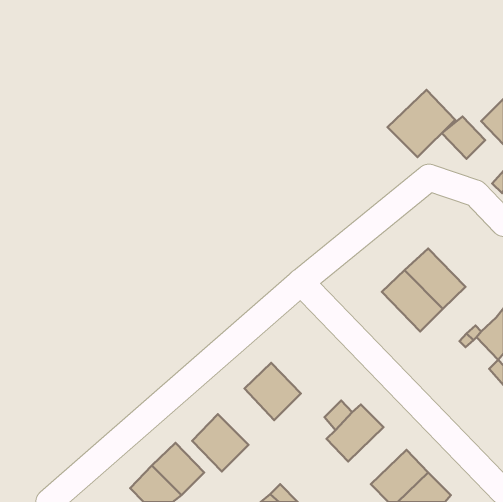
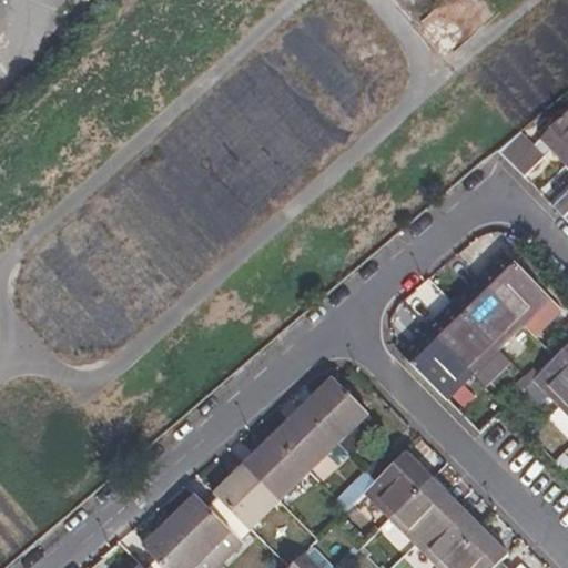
building: [387,90,455,157] -> none
building: none -> [483,254,550,323]
building: none -> [405,328,474,398]
building: none -> [306,379,368,443]
building: none -> [246,437,310,500]
building: none -> [393,480,458,545]

